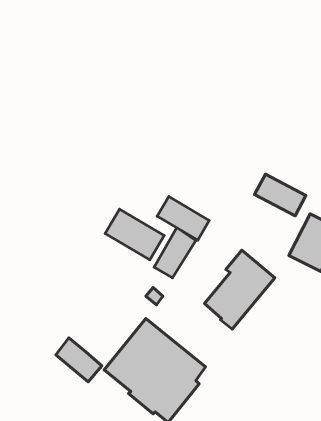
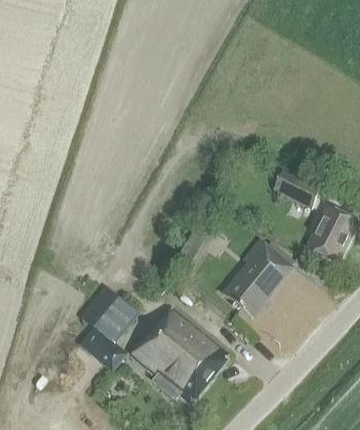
building: [157,197,209,240] -> none
building: [105,209,164,260] -> none
building: none -> [94,294,136,338]

